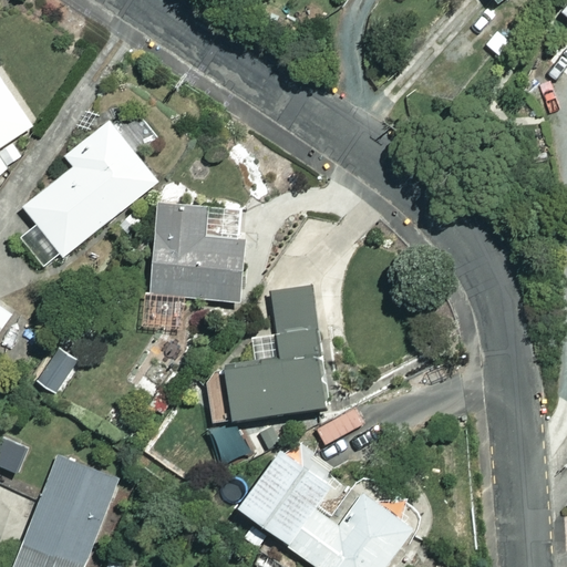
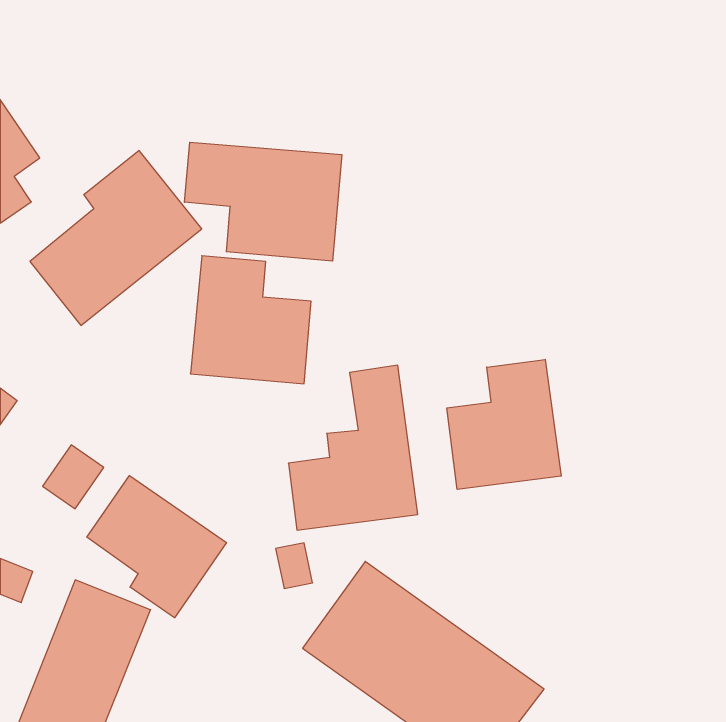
building: none -> [185,142,342,261]
building: none -> [447,359,561,489]
building: none -> [87,476,226,618]

